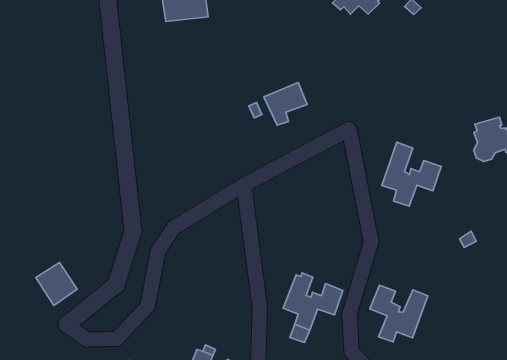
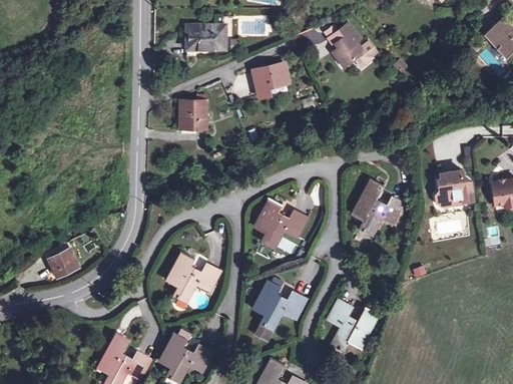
building: none -> [175,100,206,132]
building: [264,83,307,125] -> [251,63,288,97]
building: none -> [253,199,308,248]
building: none -> [166,252,220,302]

